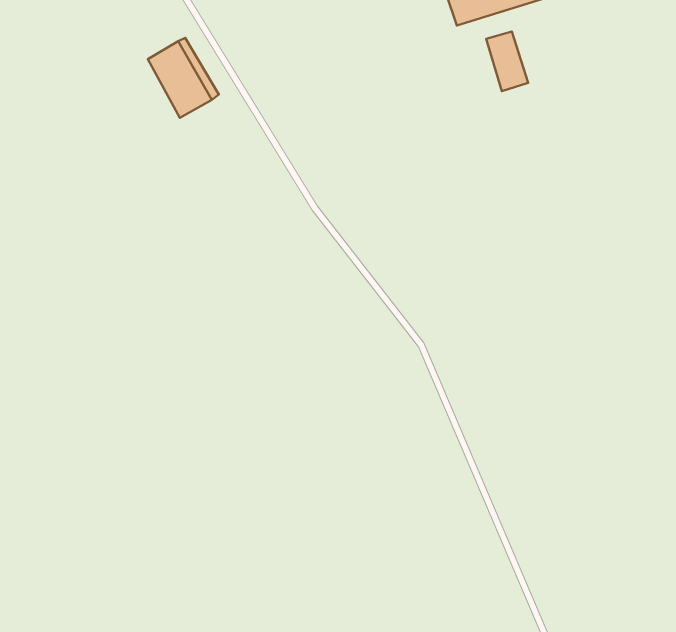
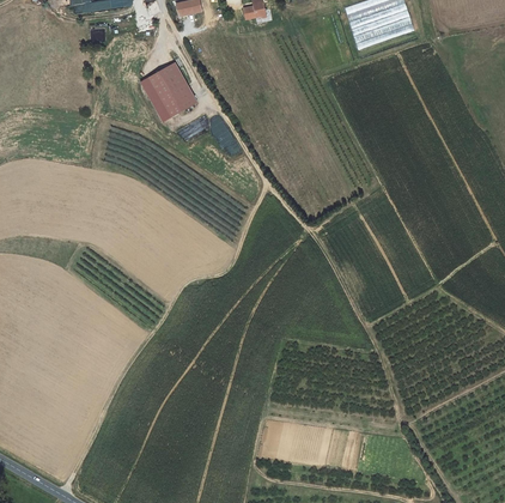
building: [486,32,528,91] -> none

